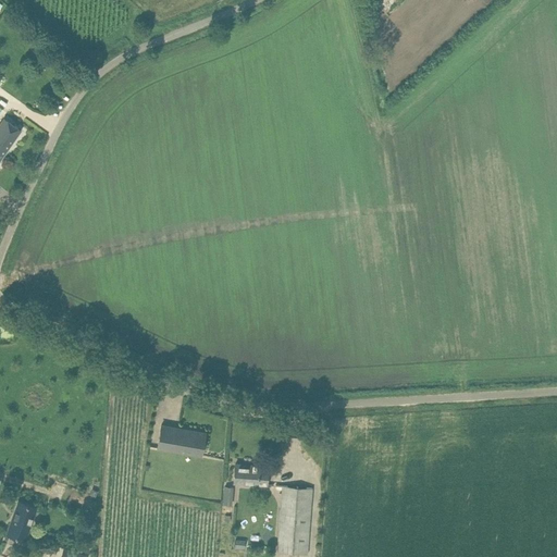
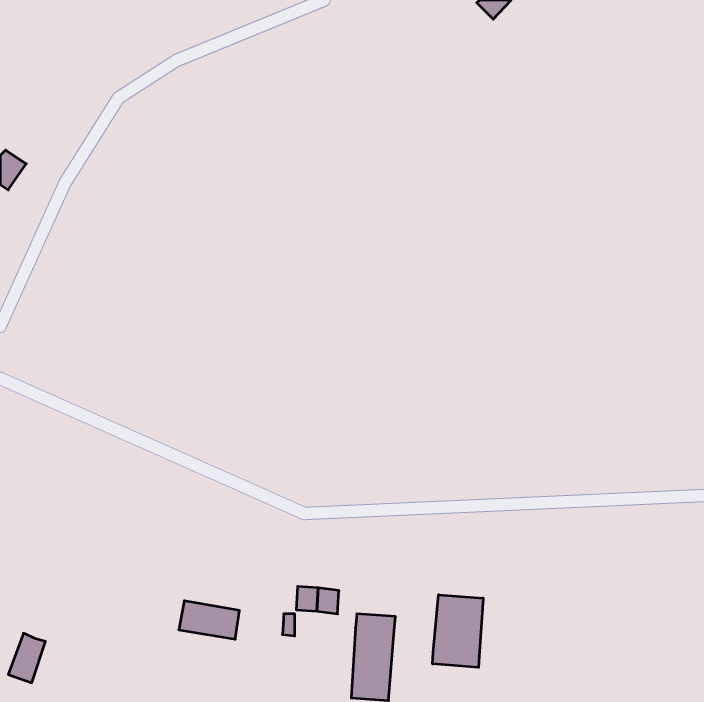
building: [157,425,205,456] -> [179,601,239,639]
building: none -> [433,595,483,667]

